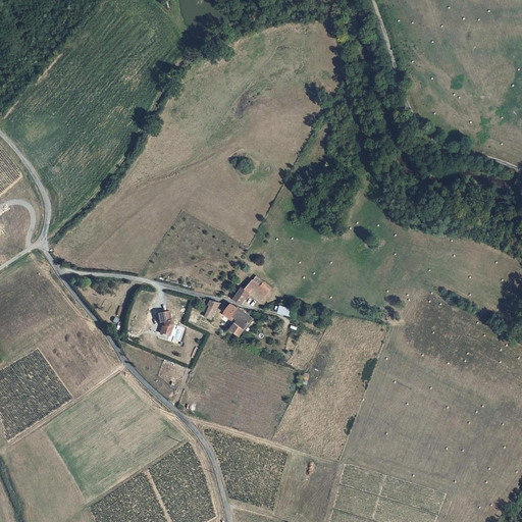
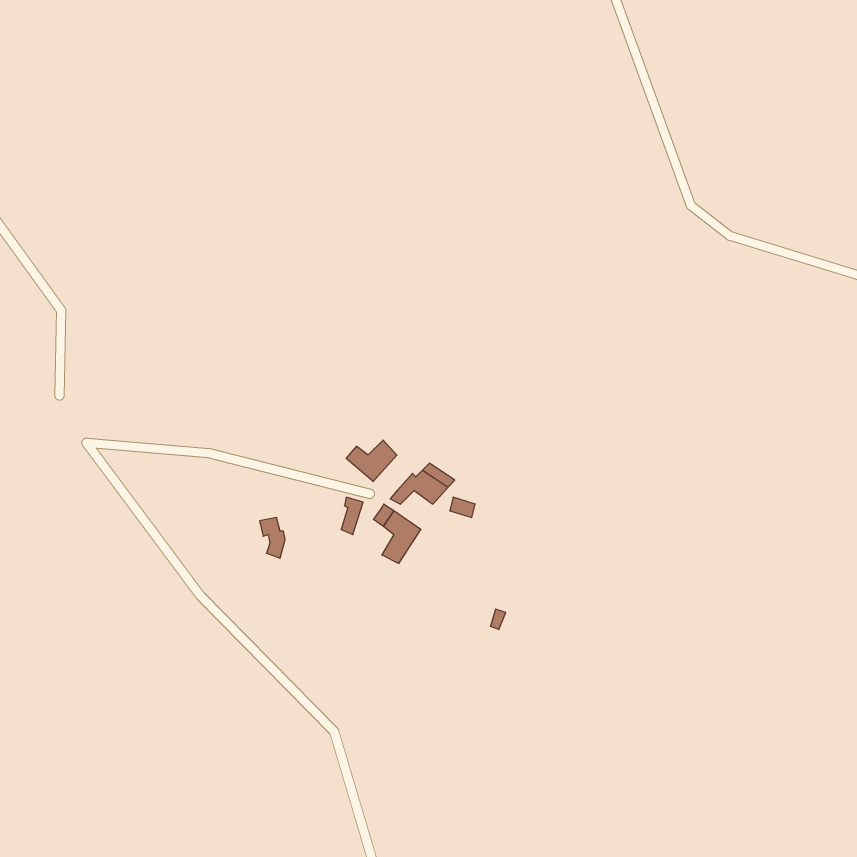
building: none -> [346,440,397,482]

